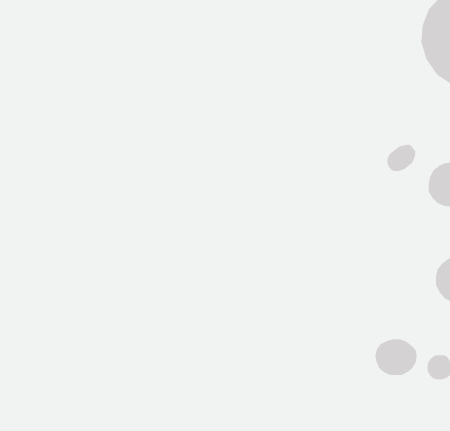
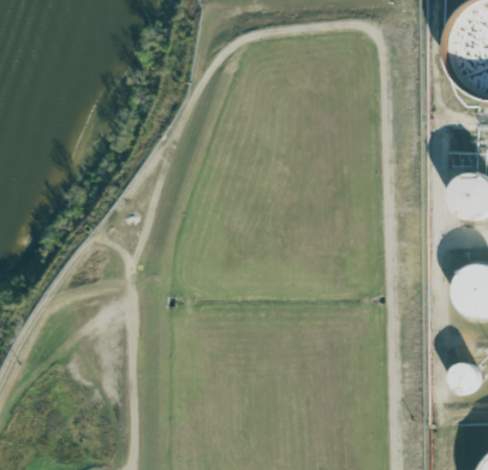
building: [386,144,416,172] -> none
building: [375,338,417,376] -> none

